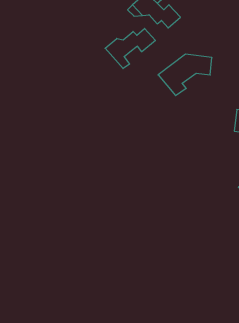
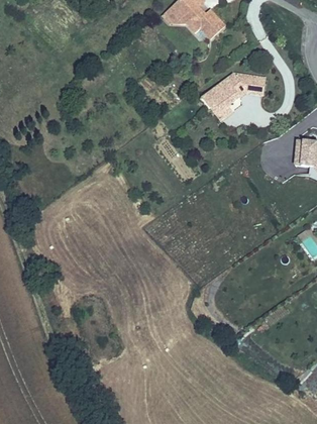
building: [105,28,155,69] -> none

